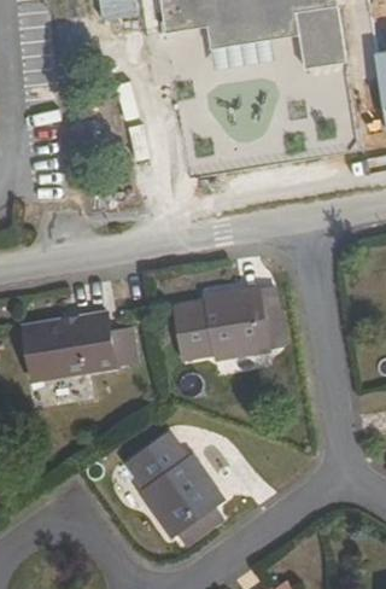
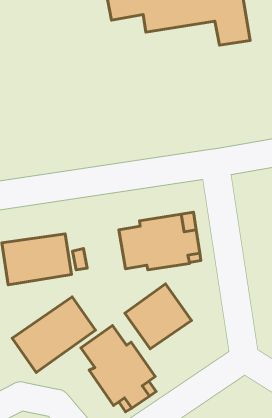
building: none -> [125,284,191,349]
building: none -> [12,297,96,373]

